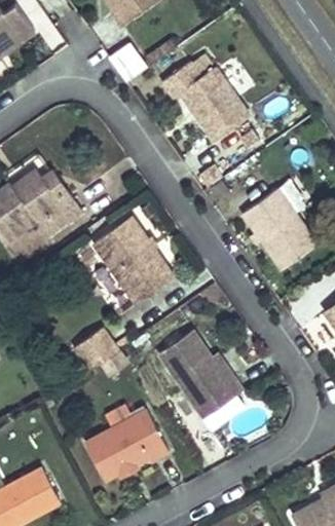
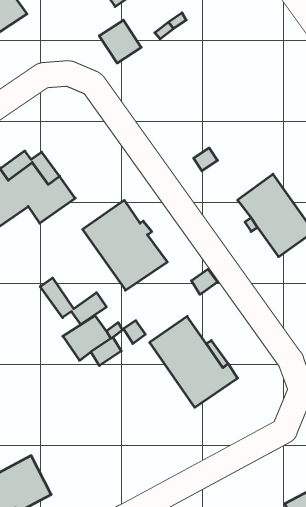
building: [164,55,252,142] -> none
building: none -> [40,278,106,325]
building: [82,404,169,482] -> none

